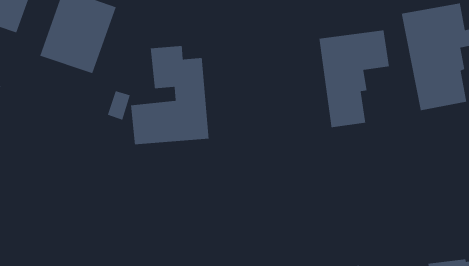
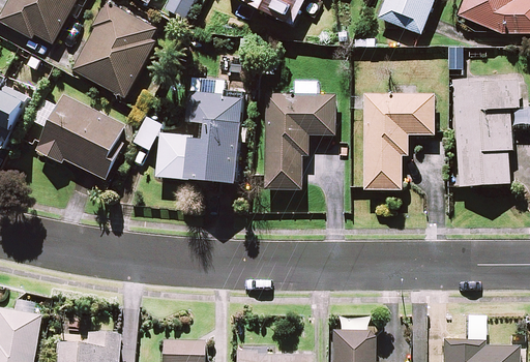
building: none -> [264,81,335,189]
building: none -> [37,95,125,178]

